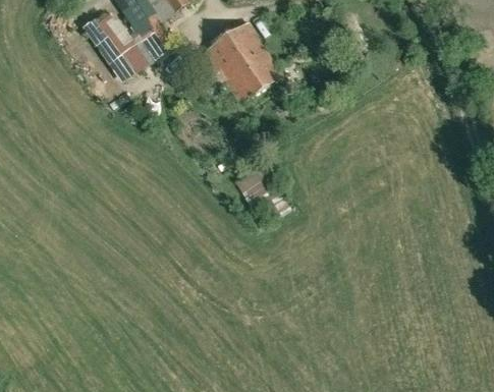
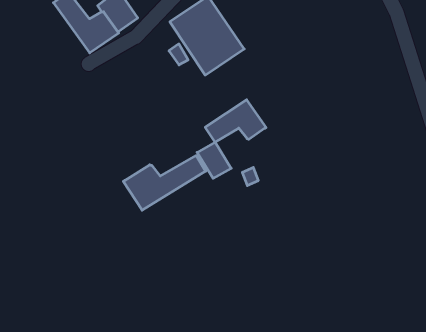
building: none -> [205,100,266,142]
building: none -> [123,156,206,210]

